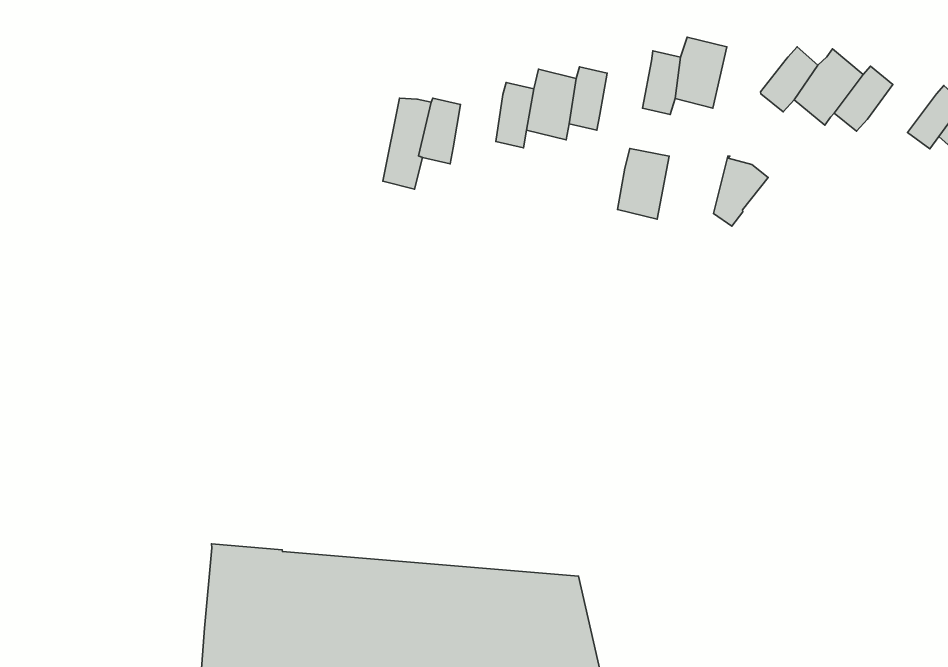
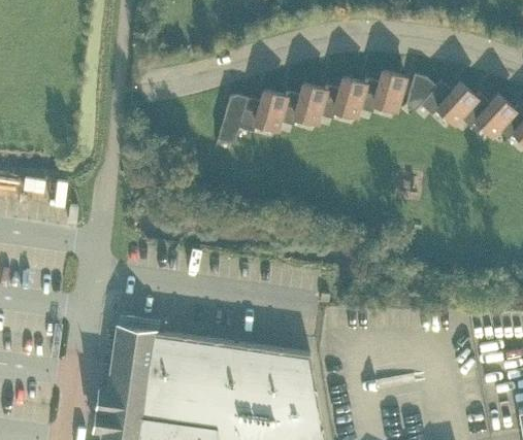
building: none -> [475,95,512,135]
building: none -> [255,91,283,129]
building: [618,148,669,219] -> [333,78,362,116]
building: [714,156,768,226] -> [403,74,433,111]

